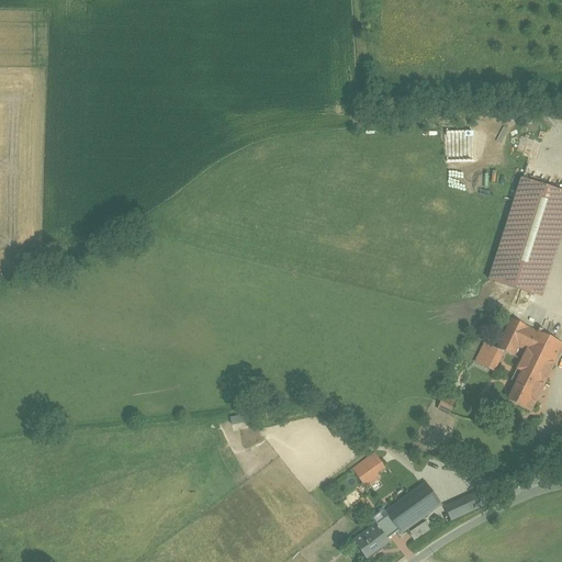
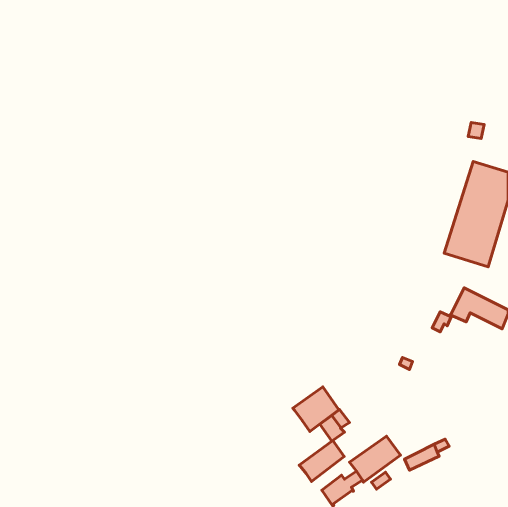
building: [509,349,553,409] -> none
building: none -> [293,387,339,432]
building: none -> [299,441,344,481]

